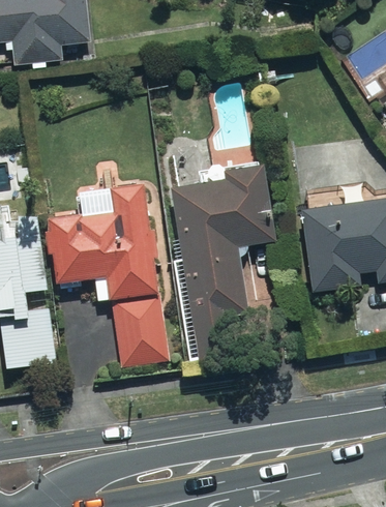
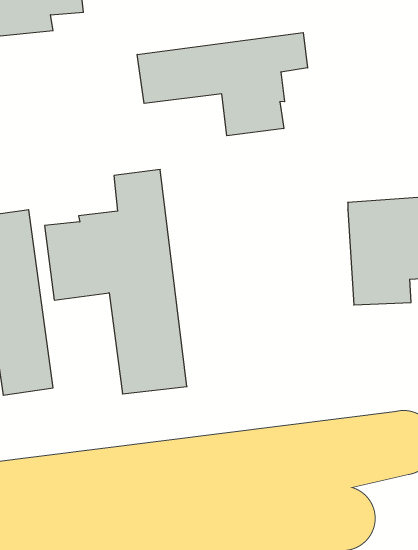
building: none -> [137,33,308,136]
building: [171,167,276,358] -> none

